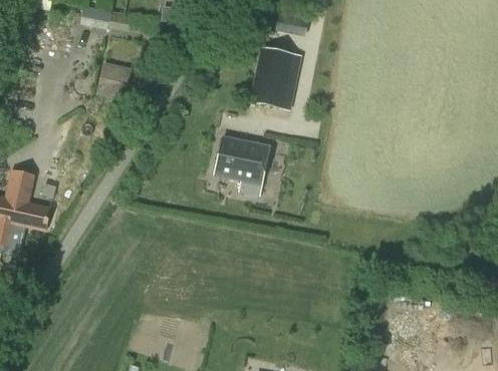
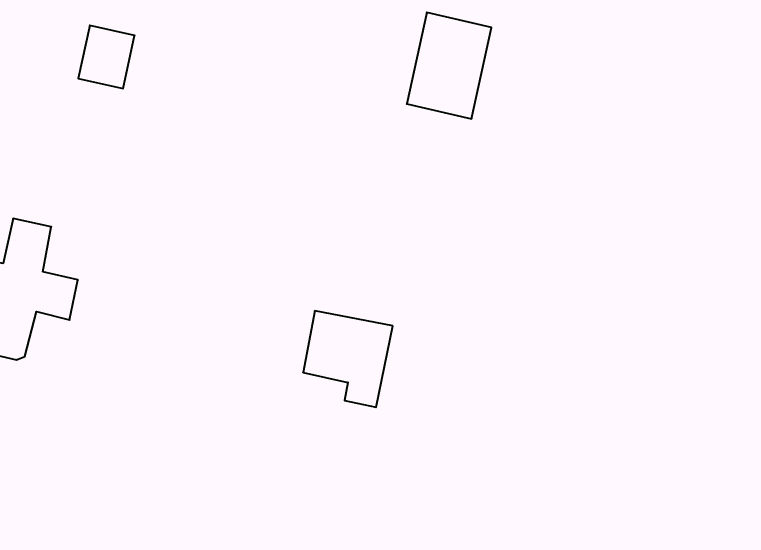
building: [96,61,131,99] -> [78,25,135,89]
building: [216,136,270,195] -> [303,311,393,407]

